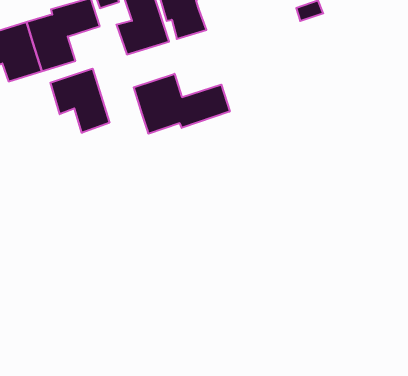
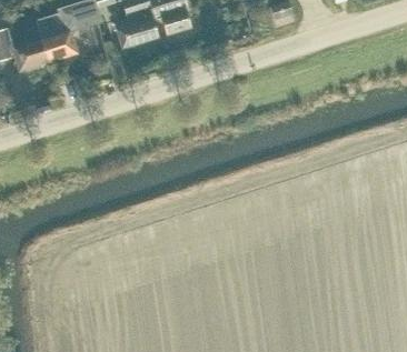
building: [50,69,109,133] -> none
building: [134,74,230,134] -> none

